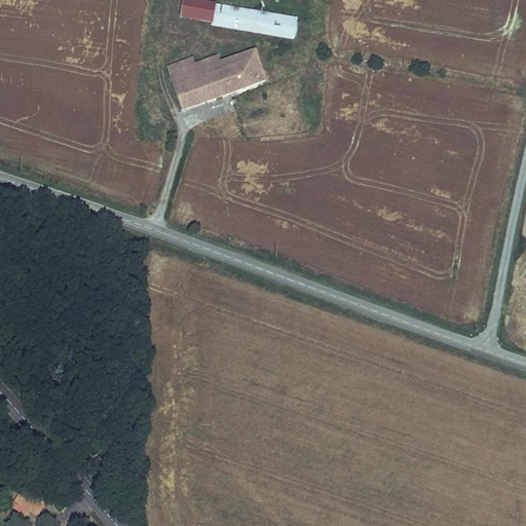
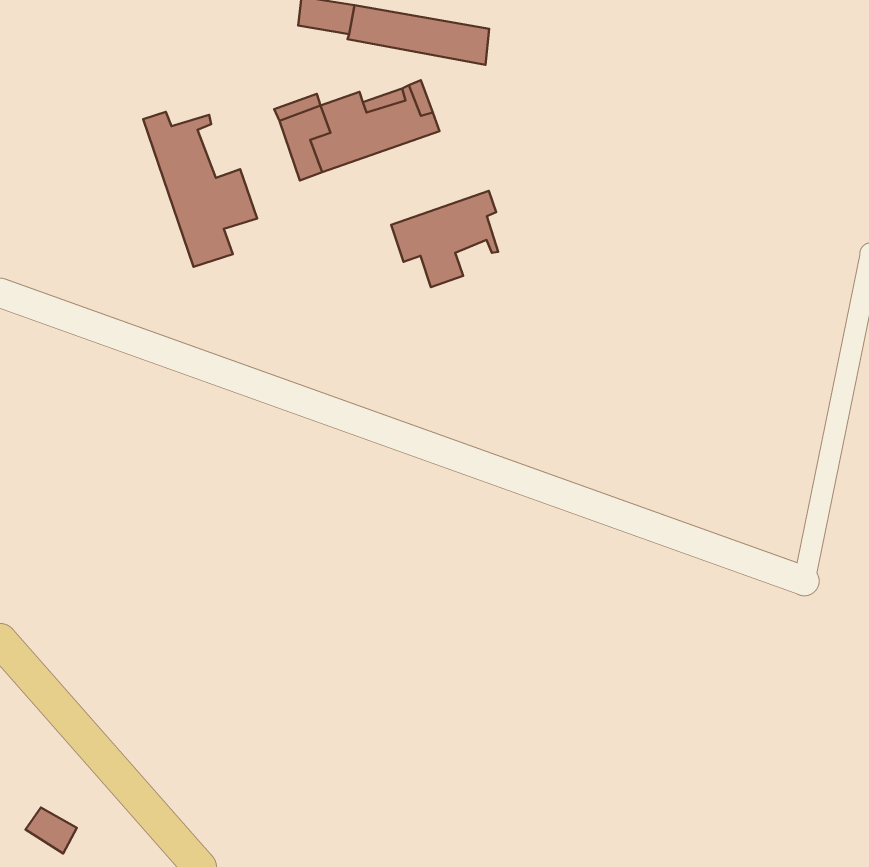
building: none -> [143,112,257,267]
building: none -> [391,191,498,287]

